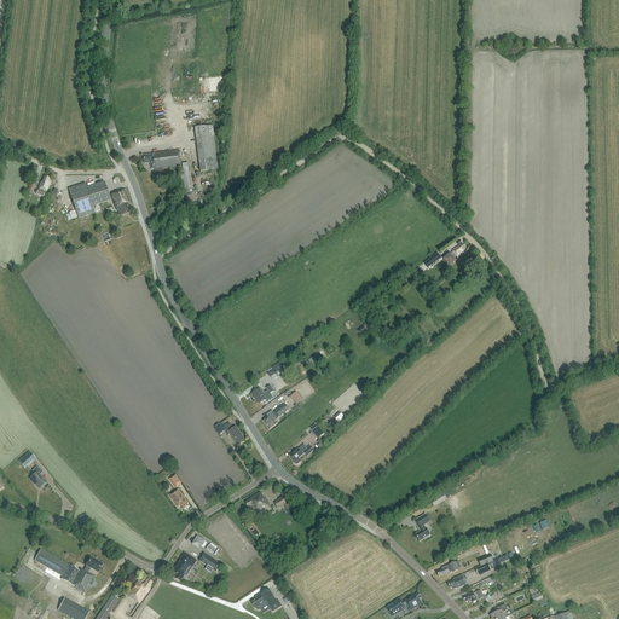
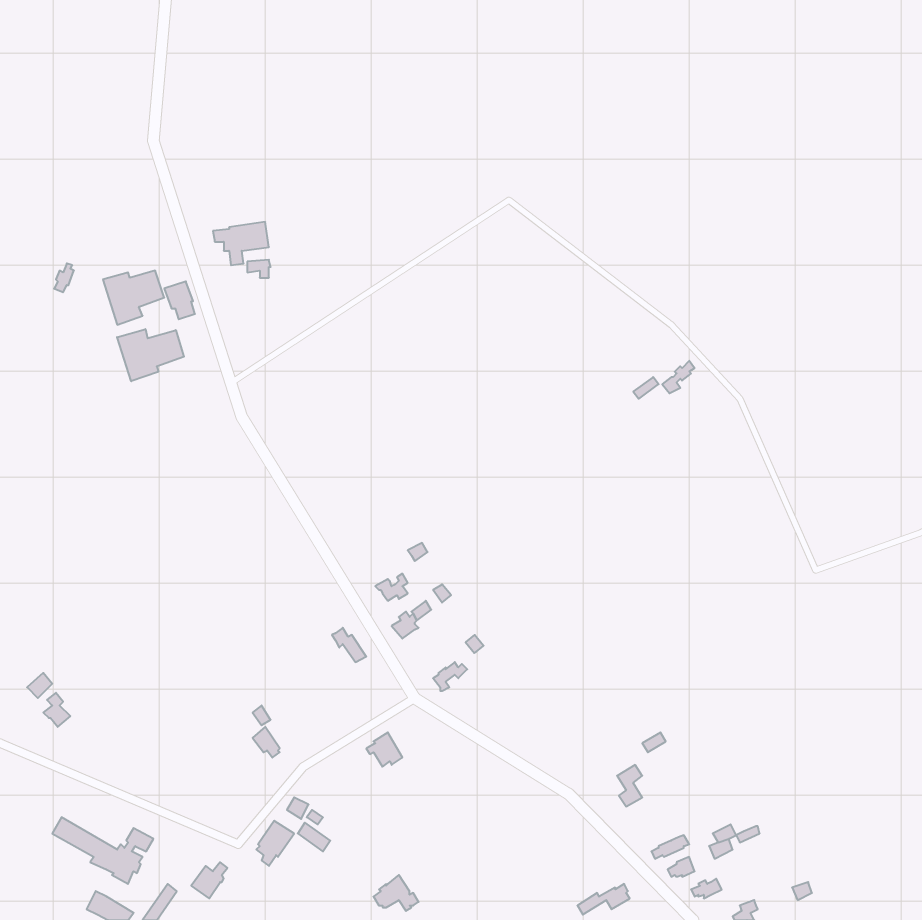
building: [195,125,219,172] -> none
building: none -> [117,329,184,381]

